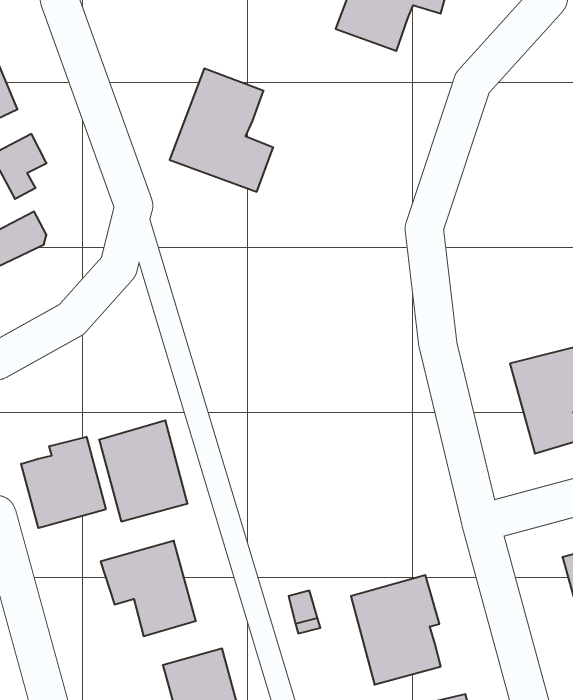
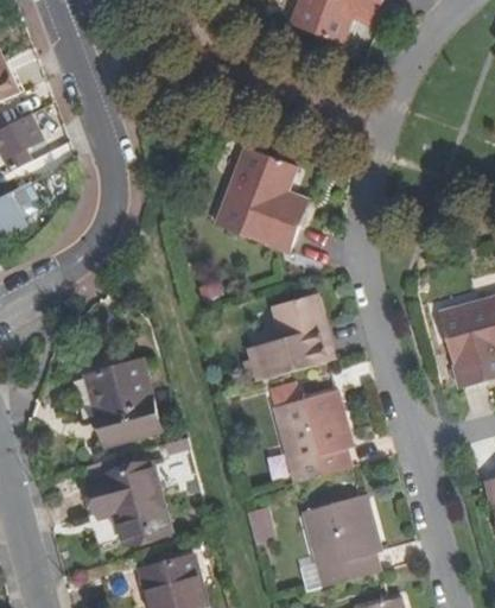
building: [170,69,273,192] -> [215,146,304,252]
building: none -> [248,294,331,381]
building: [21,437,106,528] -> none
building: none -> [273,390,350,483]

